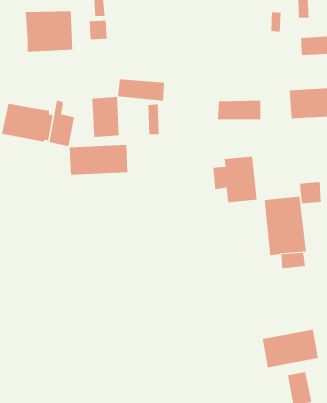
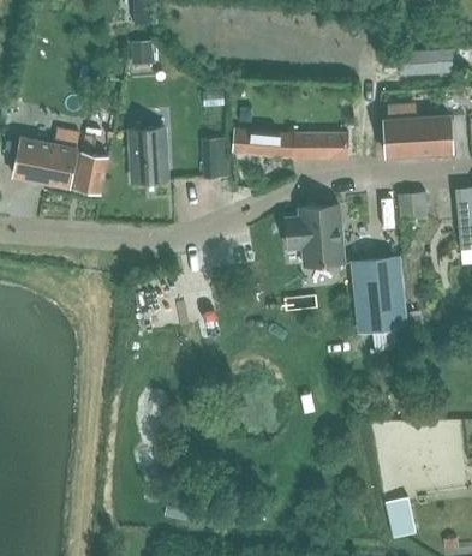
building: [25,10,73,53] -> none
building: [117,79,165,101] -> [232,128,293,157]
building: [69,144,128,176] -> none
building: [299,182,322,204] -> [398,191,426,220]
building: [262,329,319,368] -> none

